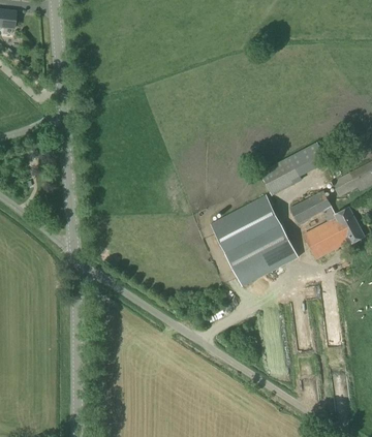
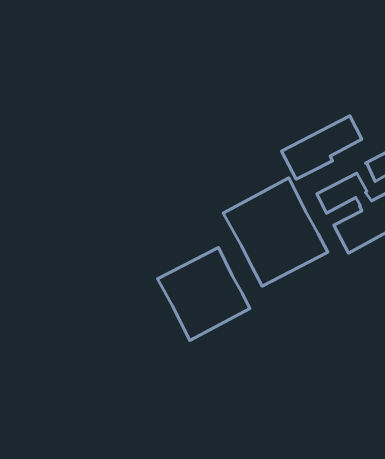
building: none -> [158,248,250,340]

